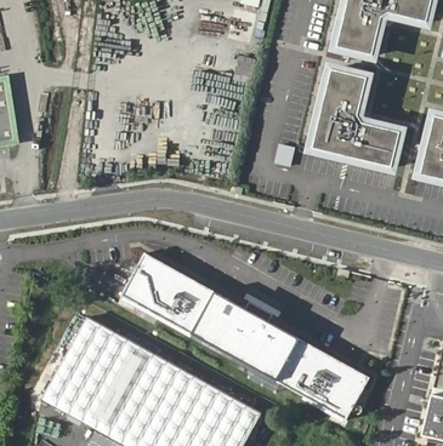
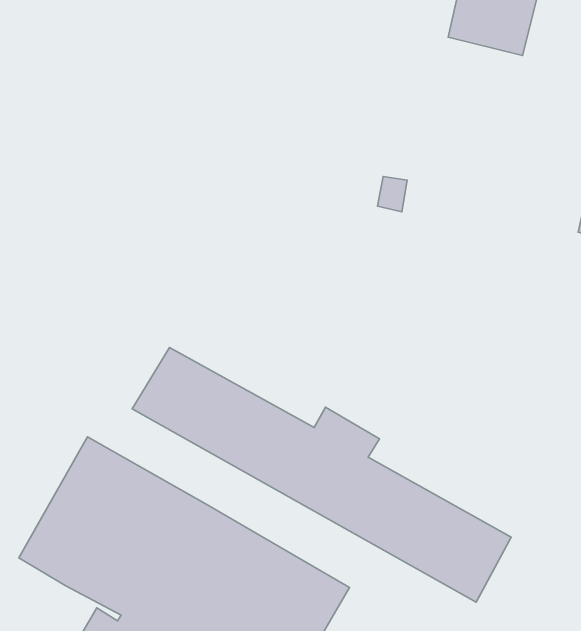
building: [300,62,404,176] -> none

